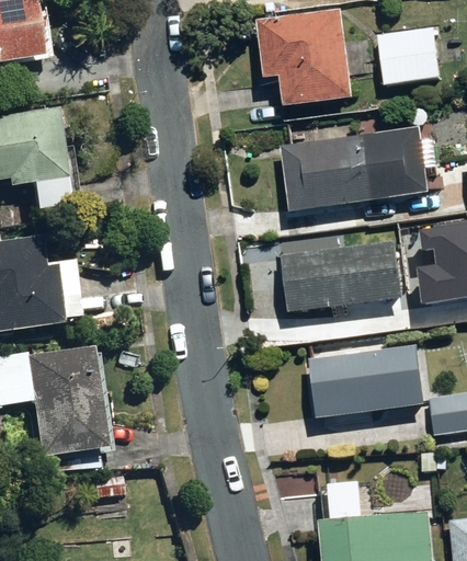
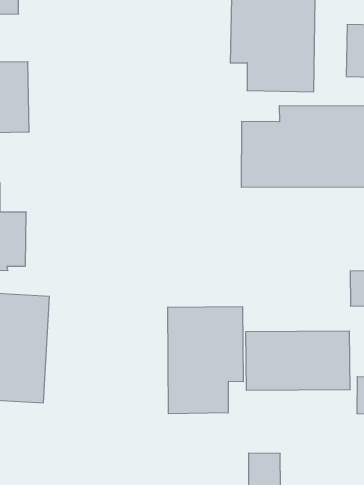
building: [281,242,400,310] -> none
building: none -> [168,307,243,414]

